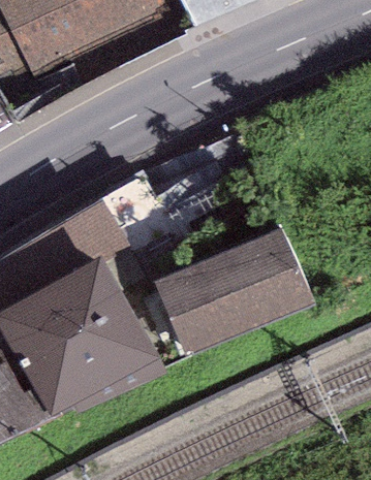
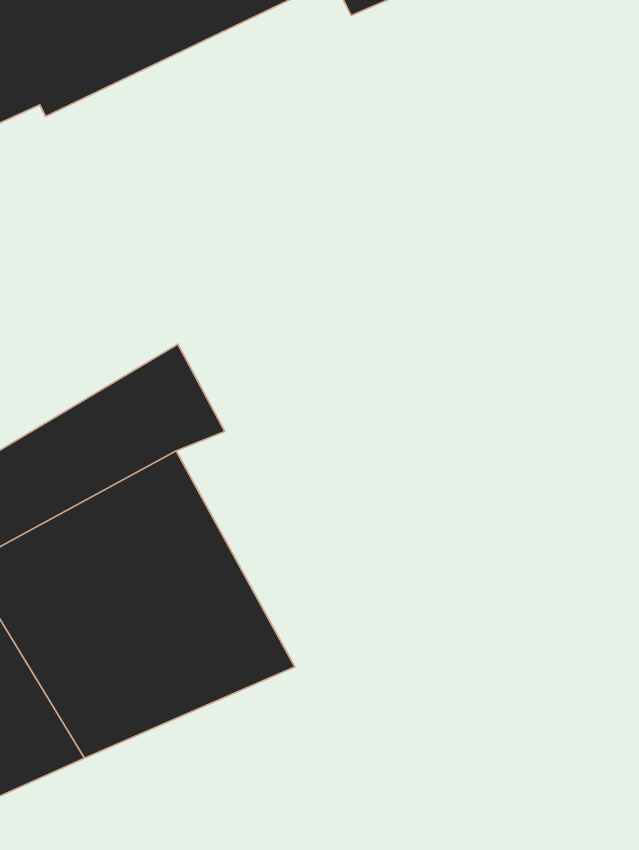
building: [151,223,312,354] -> none

